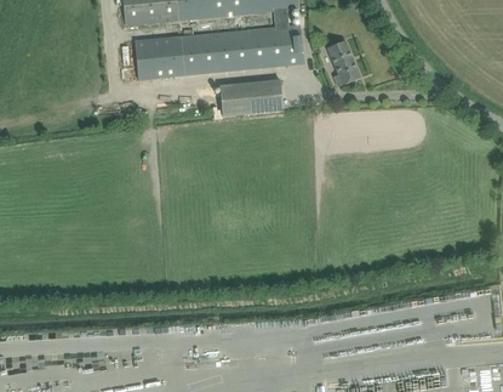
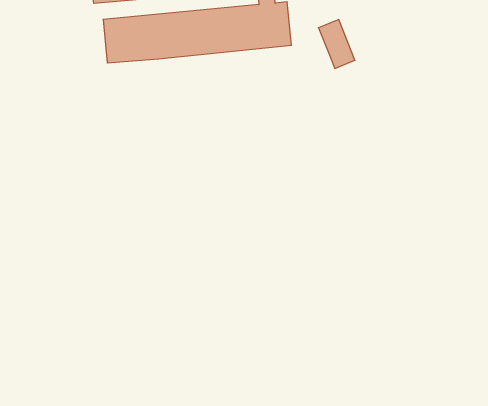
building: [219,79,284,117] -> none

